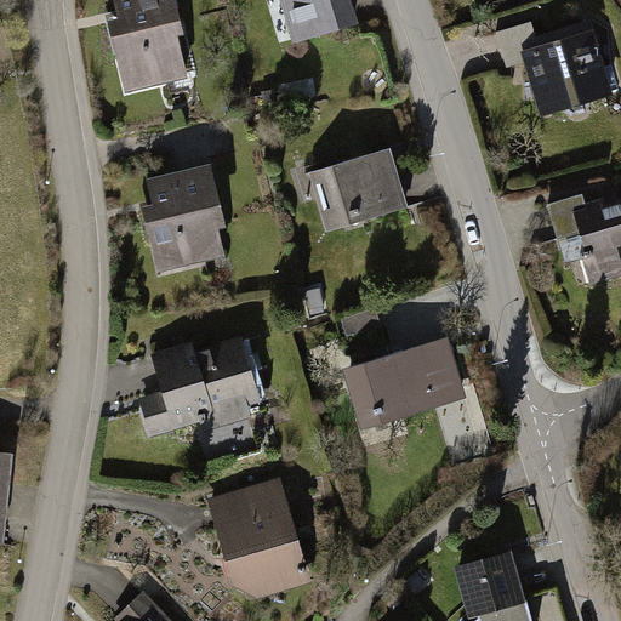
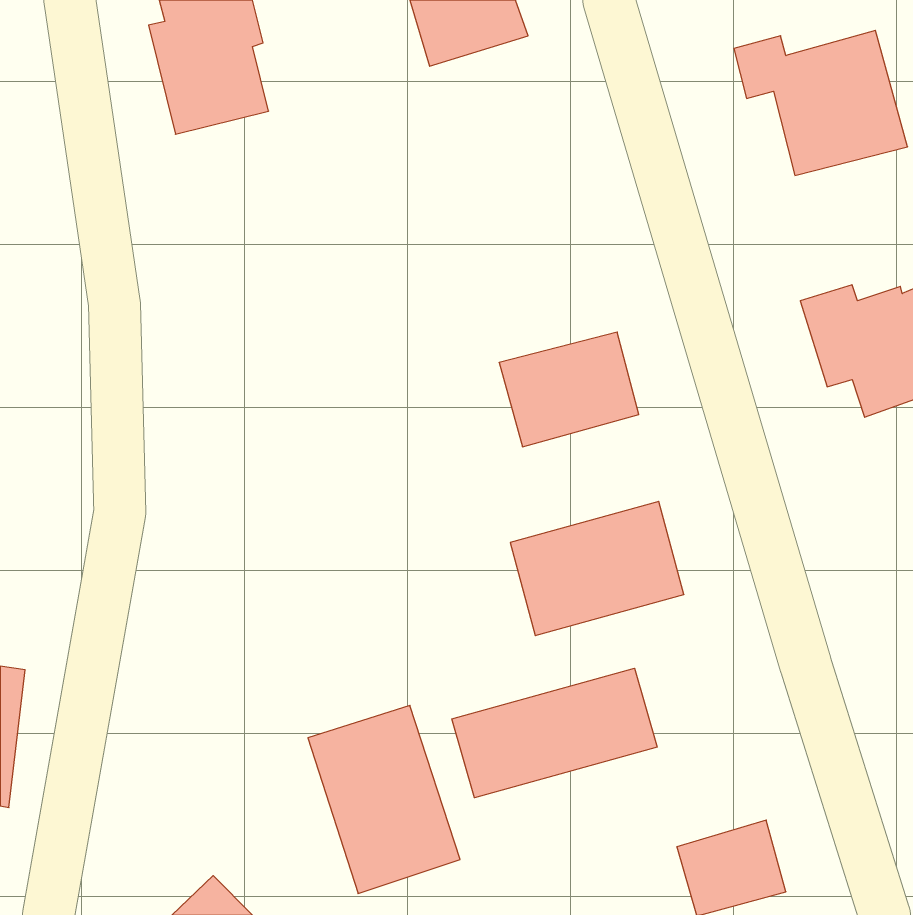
building: [312,149,406,227] -> [499,332,639,447]
building: [136,164,222,272] -> none
building: [136,335,258,434] -> none
building: none -> [452,668,657,798]

